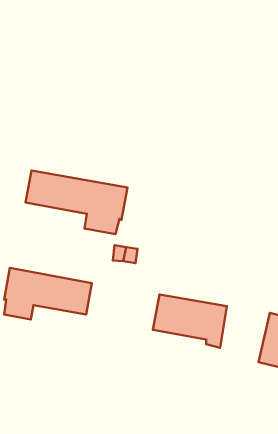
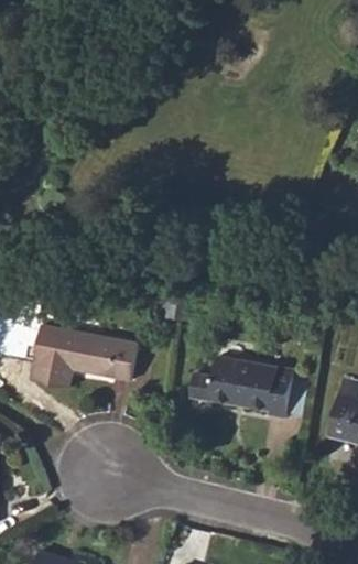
building: [25,170,127,234] -> none

